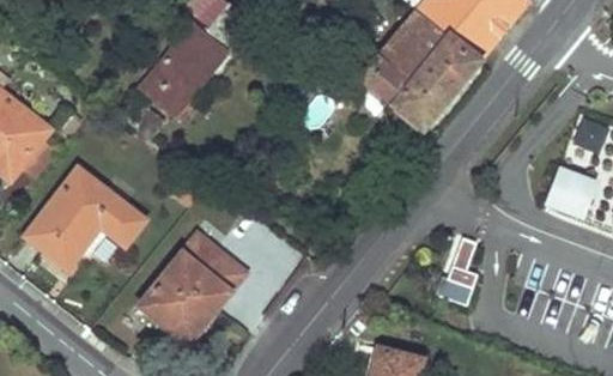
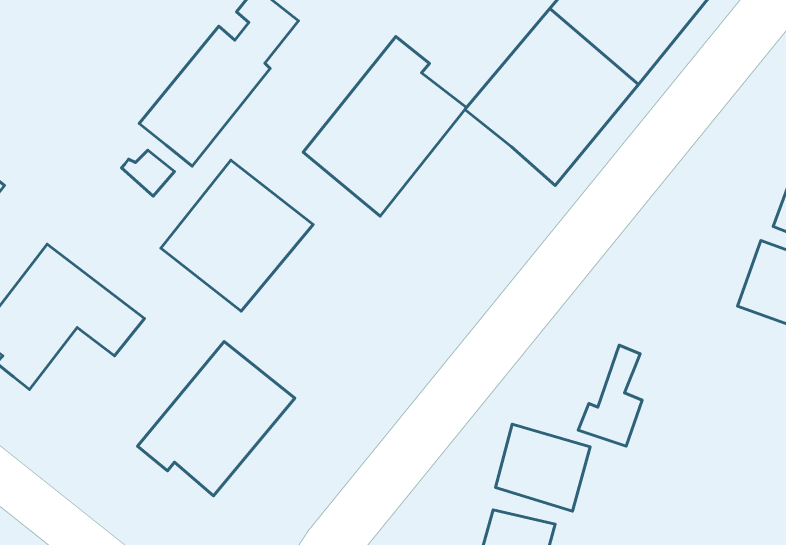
building: none -> [303,36,466,216]
building: none -> [161,160,313,311]
building: none -> [495,424,590,511]

